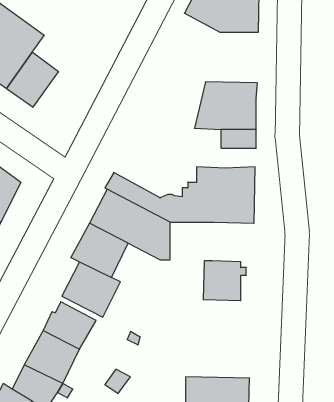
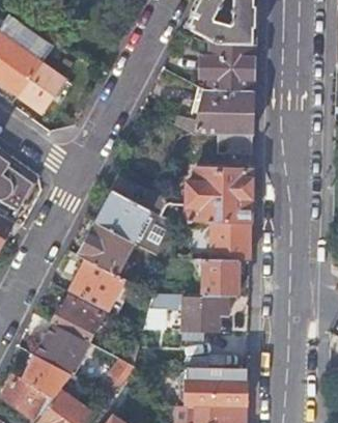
building: none -> [200,36,254,90]
building: none -> [206,221,250,258]
building: none -> [181,297,228,329]

